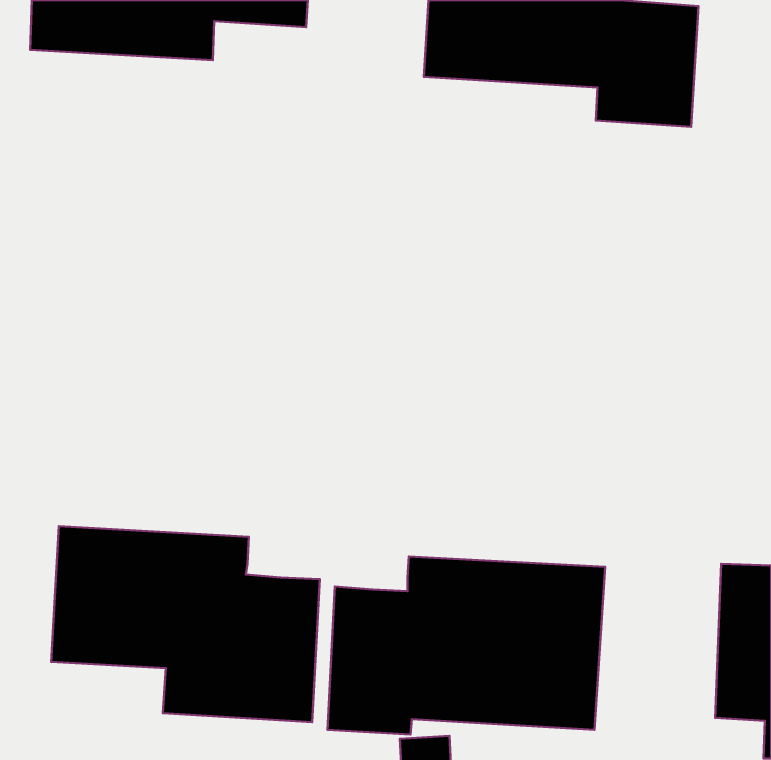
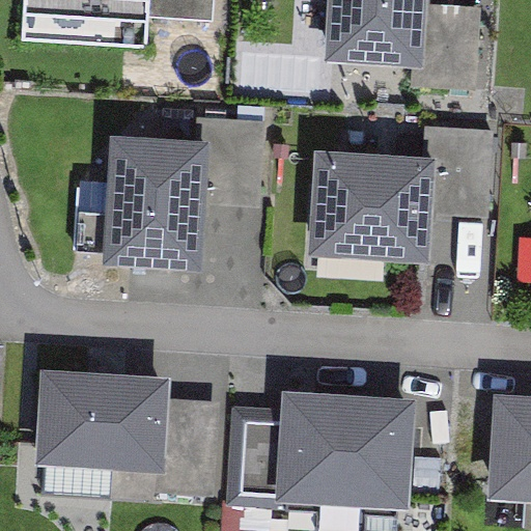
building: none -> [75,120,263,269]
building: none -> [307,129,494,261]

